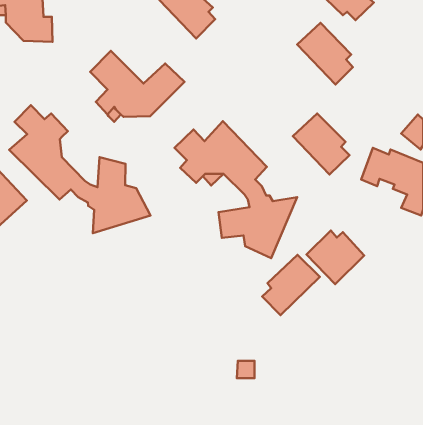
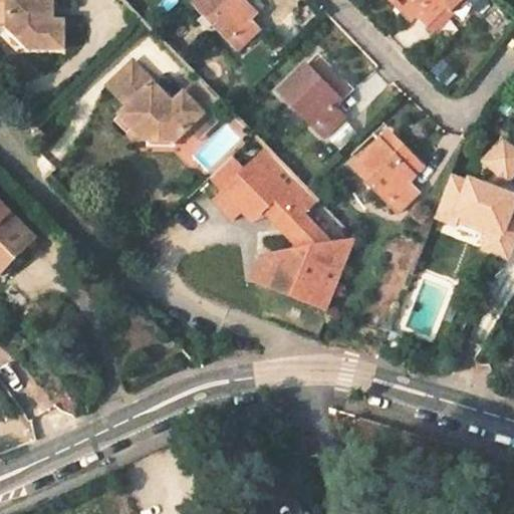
building: [297,23,353,85] -> [279,60,346,135]
building: [9,105,151,233] -> none
building: [306,231,364,284] -> none
building: [262,255,320,315] -> none

